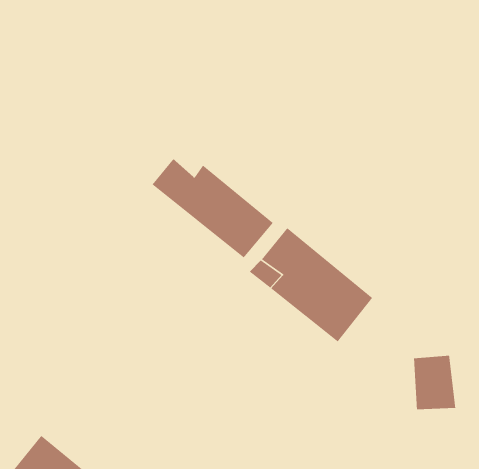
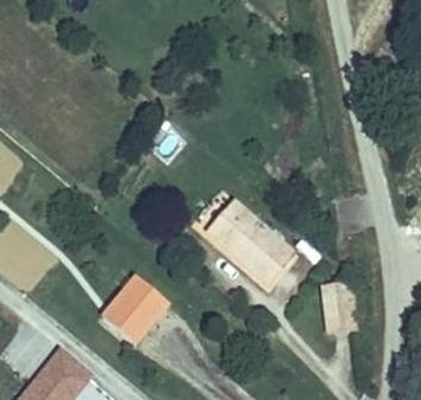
building: [152,158,274,259] -> none
building: none -> [99,278,167,347]

